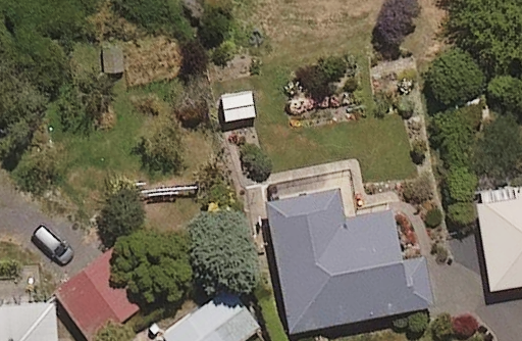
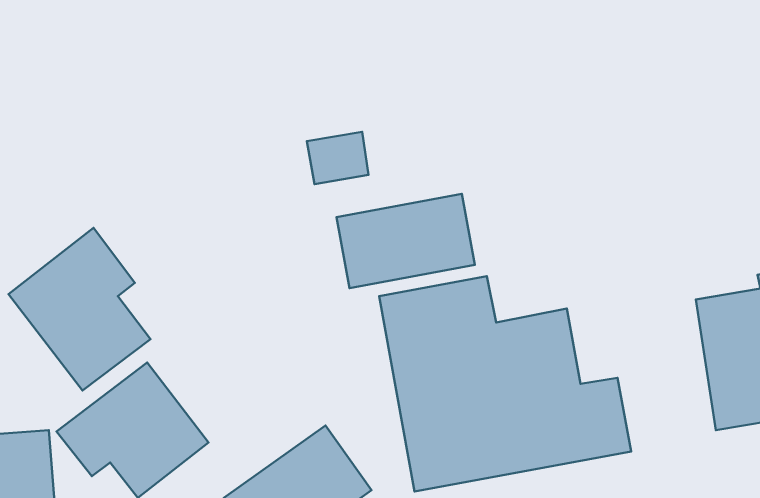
building: none -> [337,194,475,288]
building: none -> [9,228,150,390]

